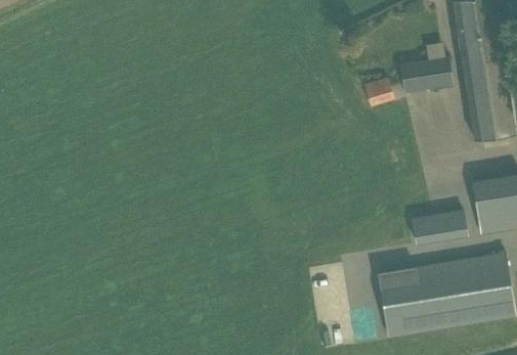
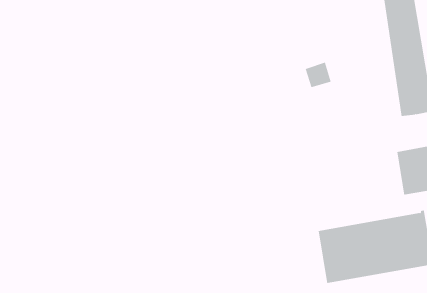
building: [399,43,454,93] -> none
building: [413,206,469,240] -> none

